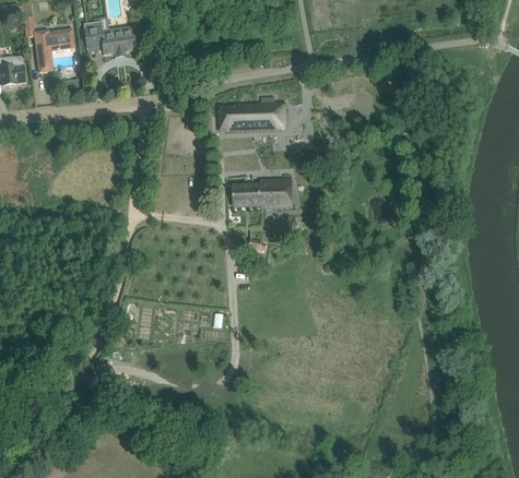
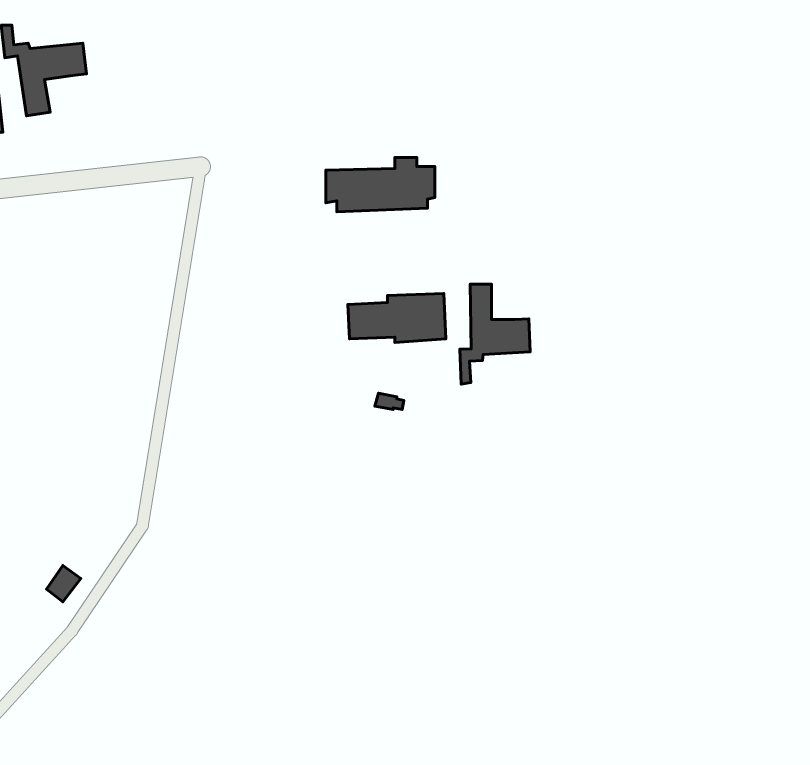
building: [84,21,135,57] -> none
building: none -> [460,284,530,384]

